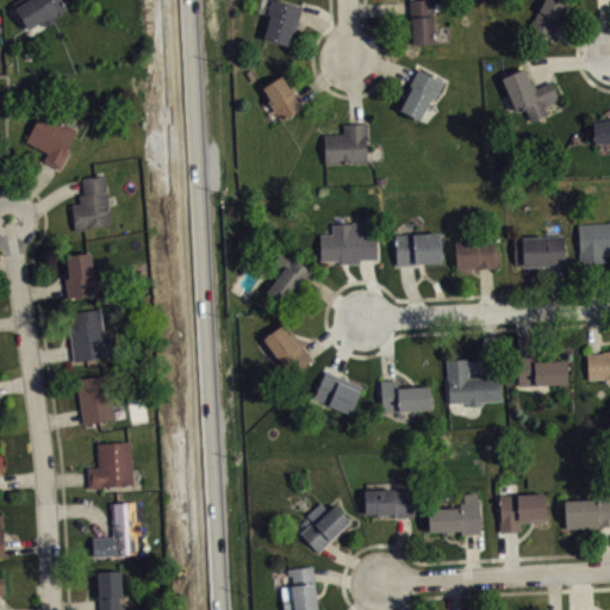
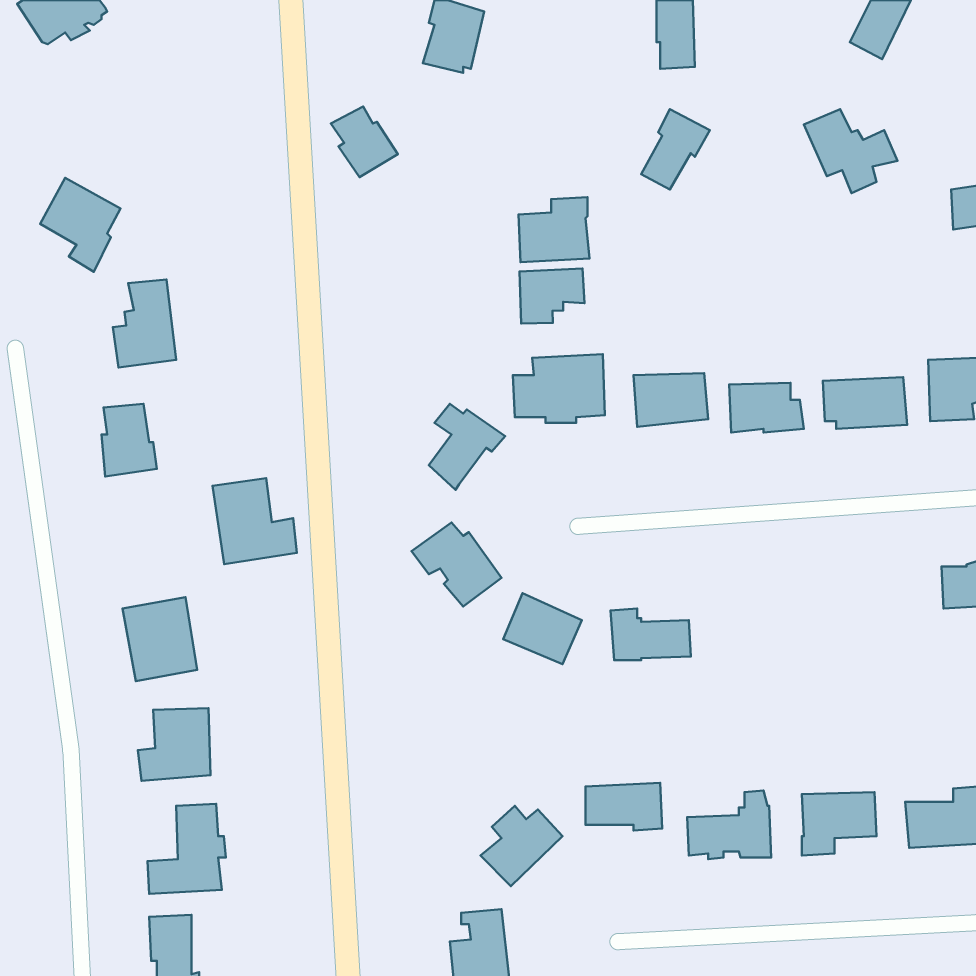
building: [263,76,305,120] -> [331,106,398,177]
building: none -> [520,269,585,324]
building: [67,309,119,362] -> [213,478,297,564]
building: [518,355,567,386] -> none
building: [447,360,500,407] -> none

